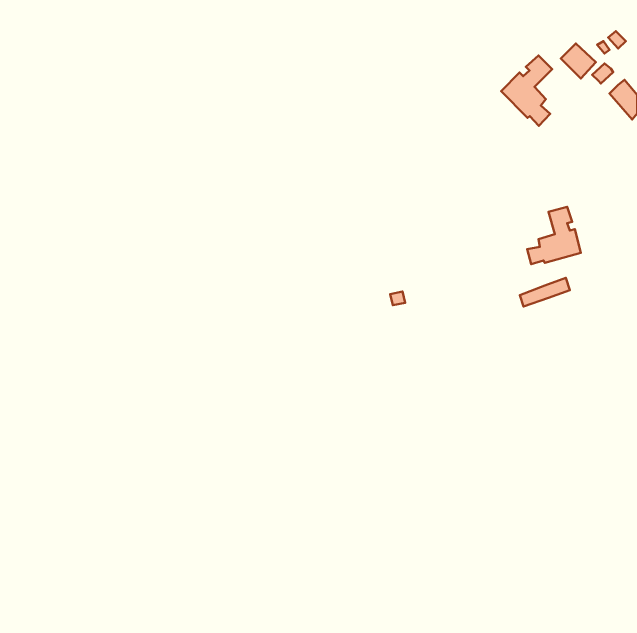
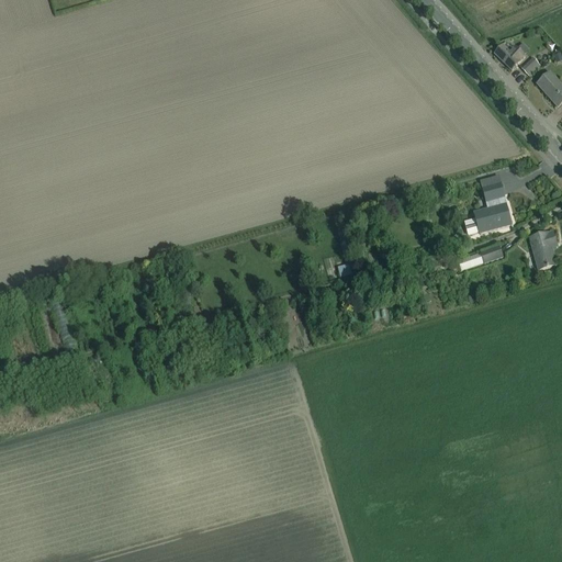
building: [501,56,552,126] -> none
building: none -> [529,231,557,269]

